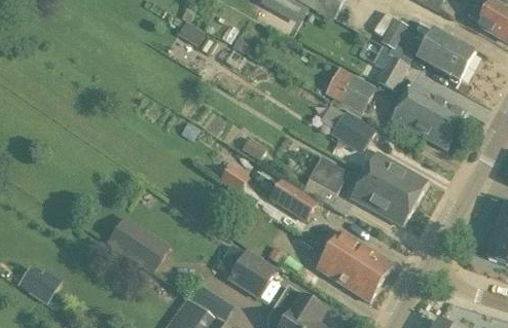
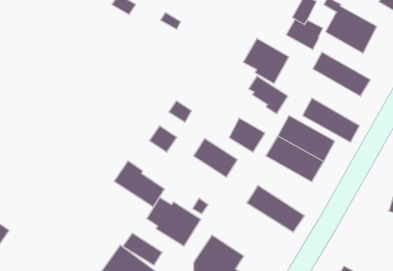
building: [392,100,456,149] -> [303,98,360,142]
building: [107,221,164,272] -> [114,161,165,207]
building: [317,250,380,301] -> none

